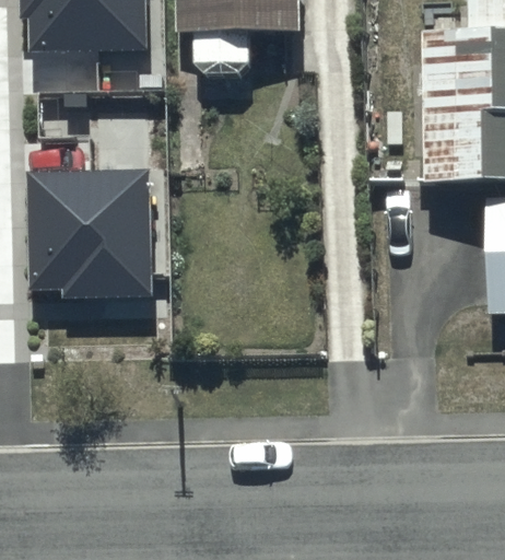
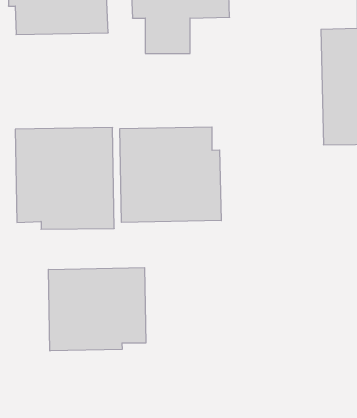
building: none -> [120,127,221,222]
building: none -> [48,268,146,351]

